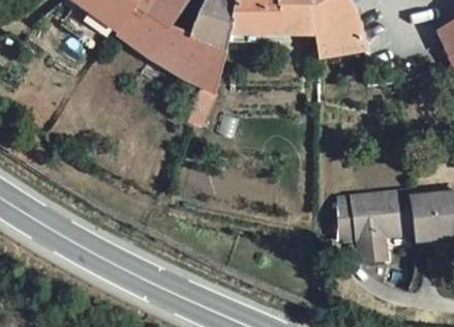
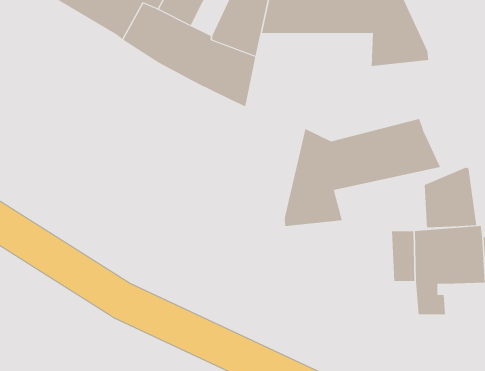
building: none -> [284,118,441,227]
building: none -> [424,167,477,228]

